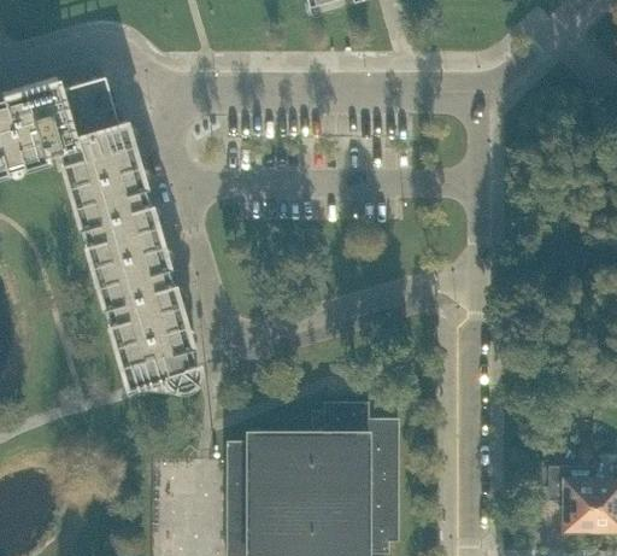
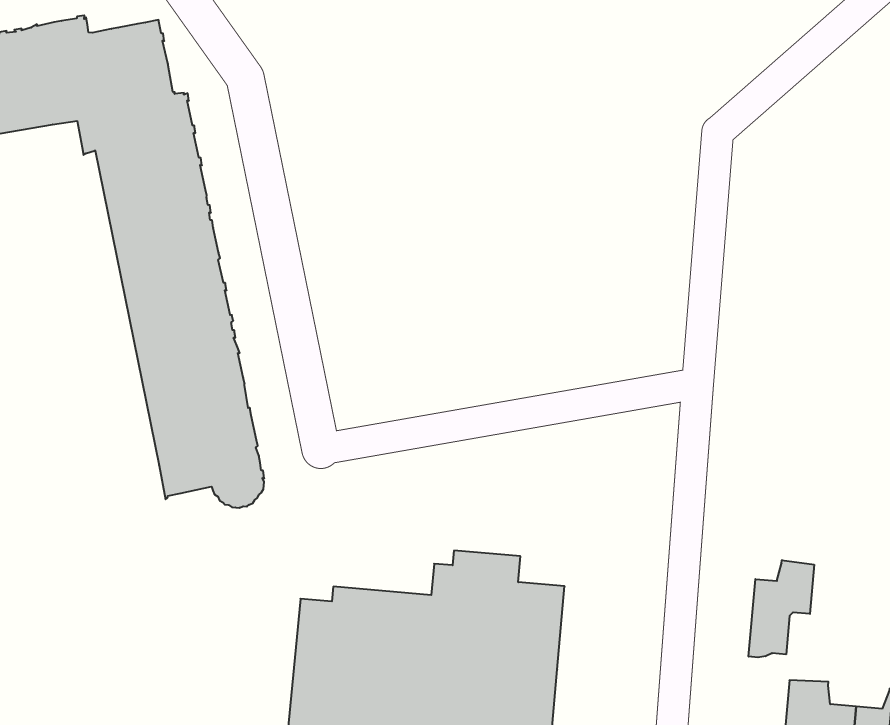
building: none -> [749,560,814,657]

